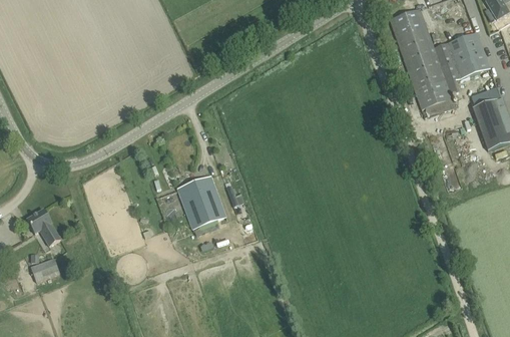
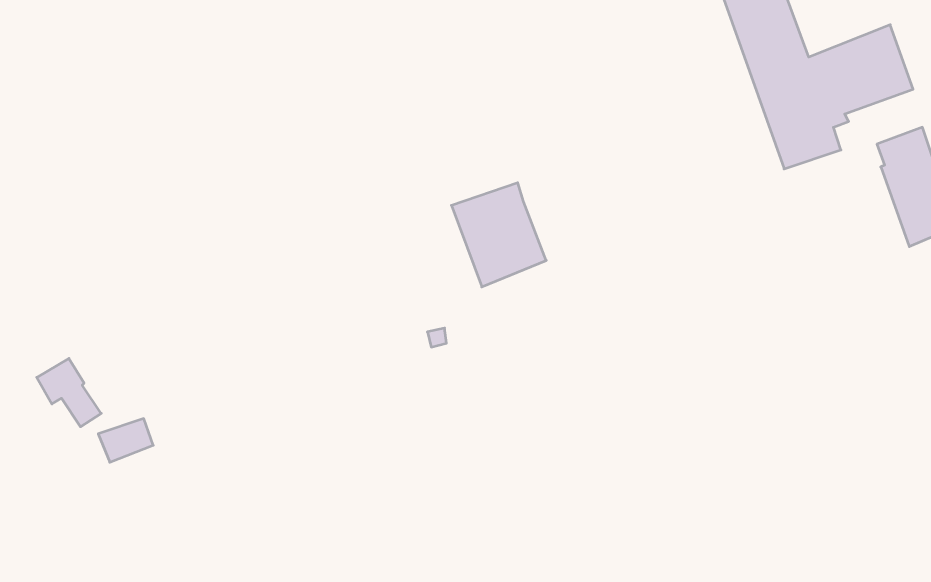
building: [177,174,227,229] -> [451,183,546,287]
building: [31,258,60,281] -> [98,419,153,462]

